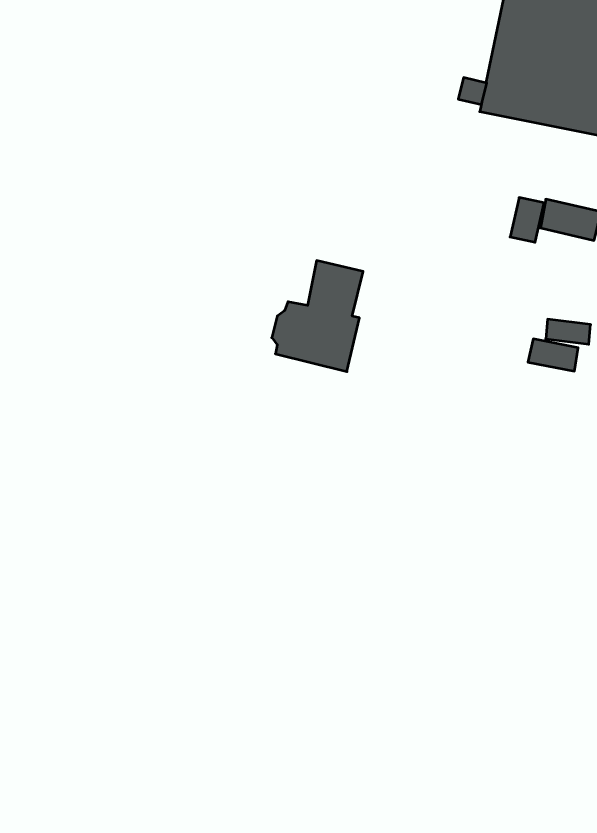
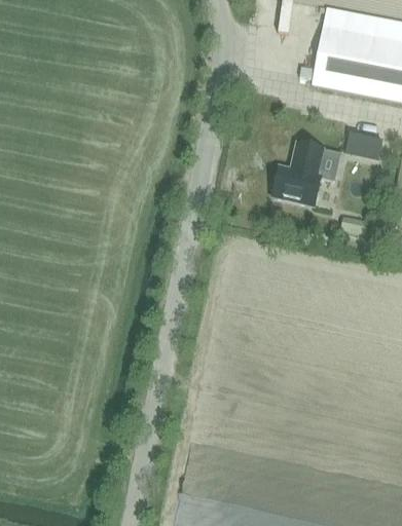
building: [272,261,363,372] -> [273,141,326,204]

